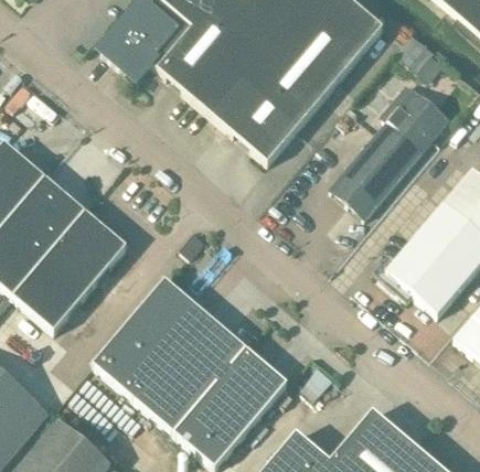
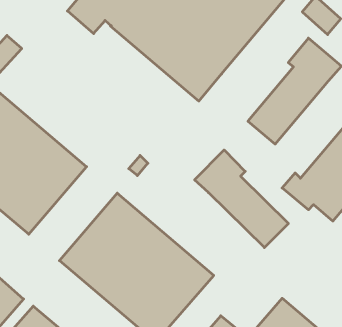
building: none -> [195,150,288,248]

